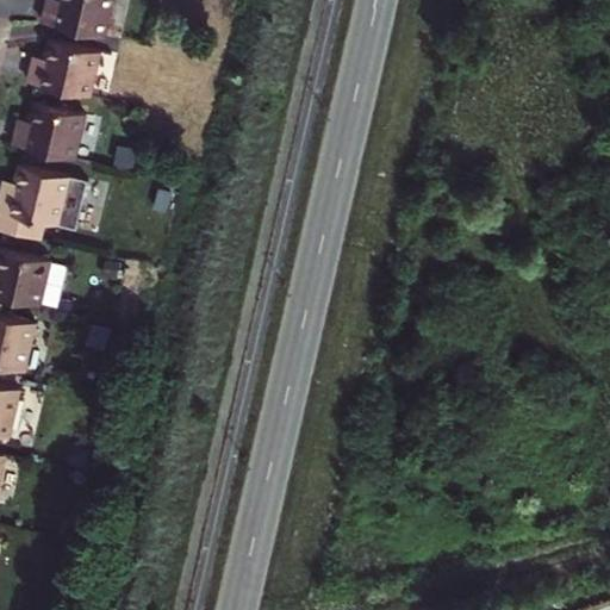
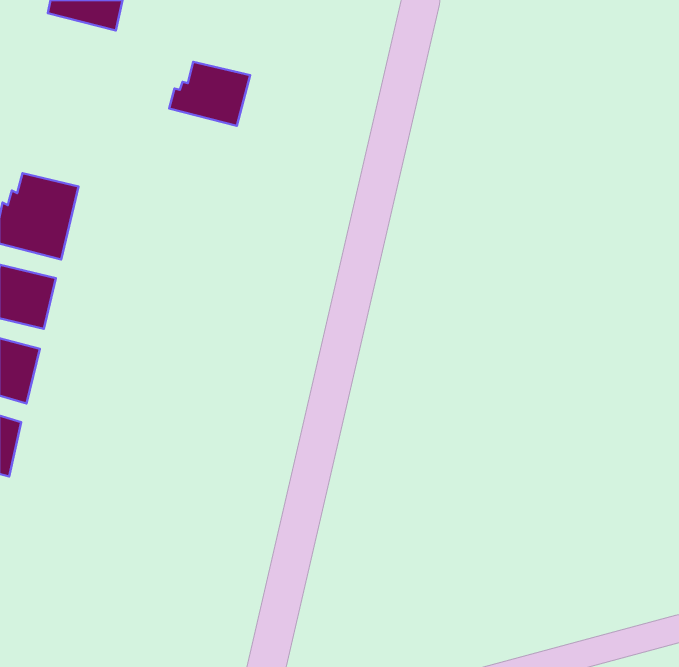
building: [29,42,101,99] -> [169,62,250,126]
building: [14,104,86,161] -> none

